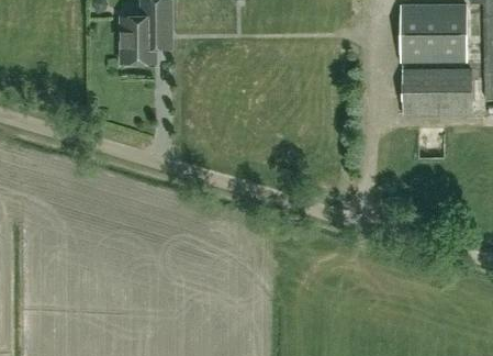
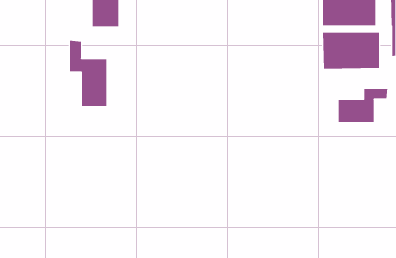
building: none -> [69,40,107,107]
building: none -> [338,88,388,123]

